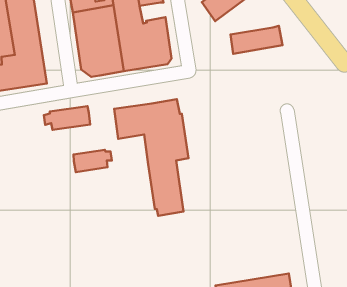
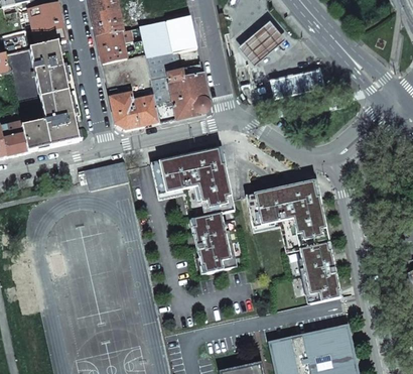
building: none -> [247,180,340,302]
building: [73,150,112,172] -> none

